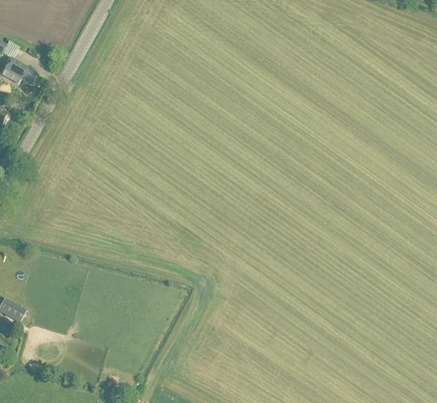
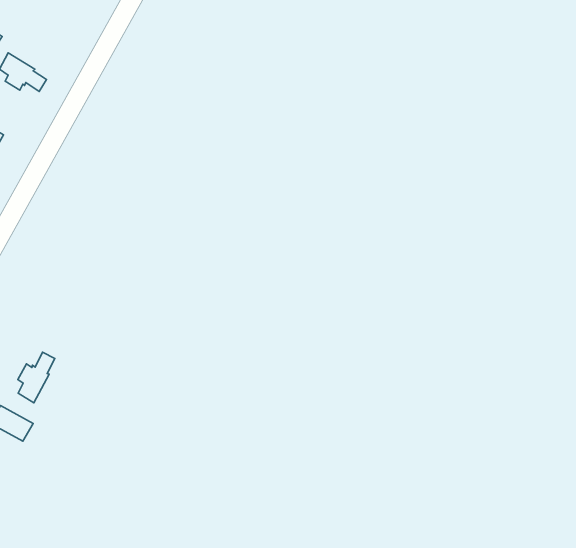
building: none -> [18,352,55,403]

